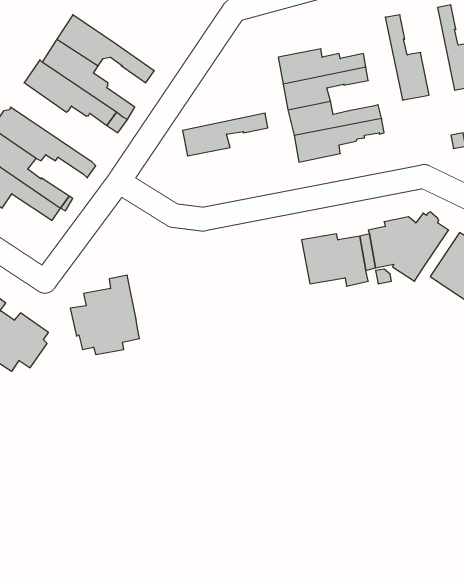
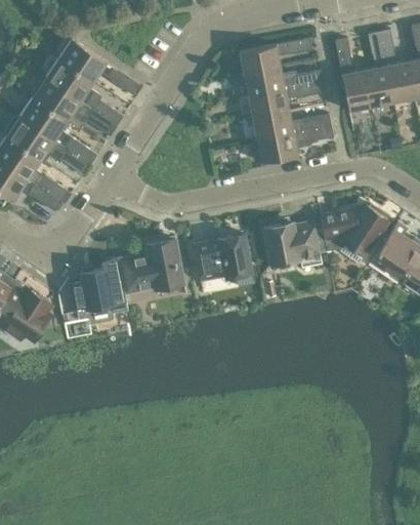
building: none -> [365,32,393,106]
building: none -> [19,96,98,165]
building: [183,113,268,156] -> [241,38,312,74]
building: none -> [194,234,255,287]
building: none -> [118,239,184,293]

